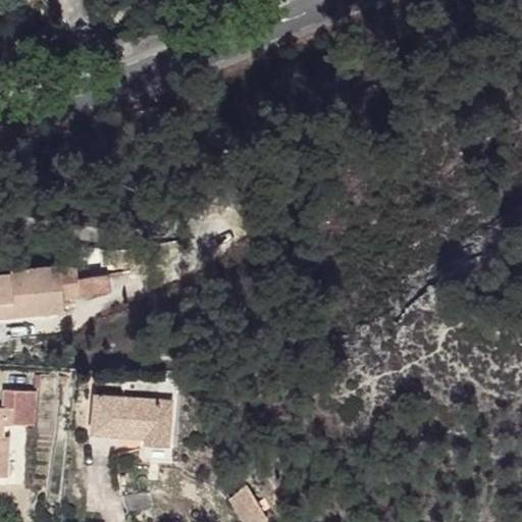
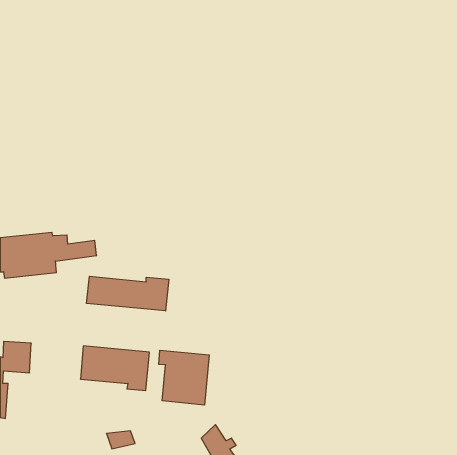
building: none -> [86,276,169,311]
building: none -> [159,350,209,405]

